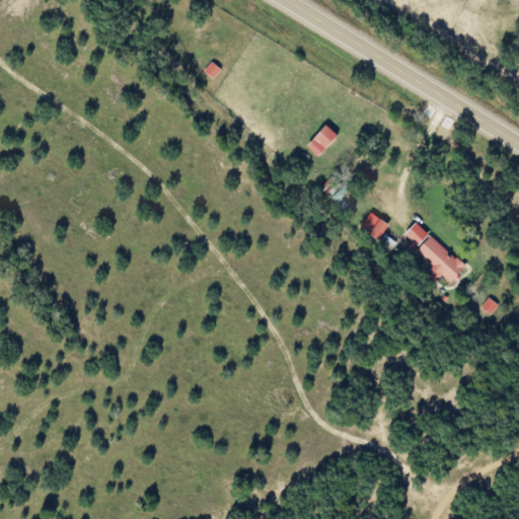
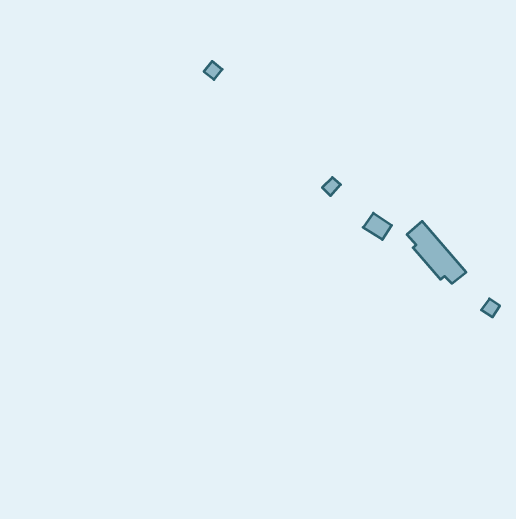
building: [308,125,339,156] -> none

